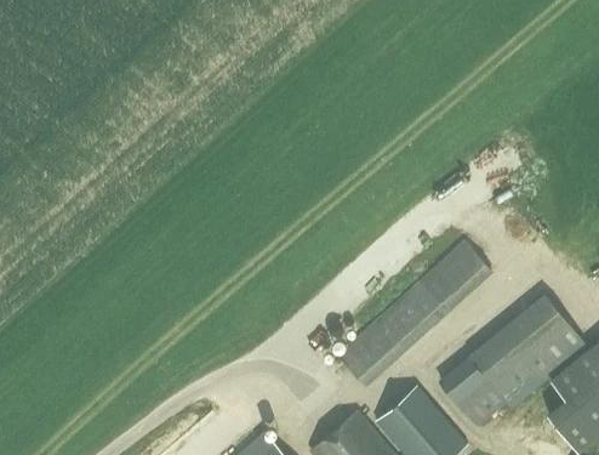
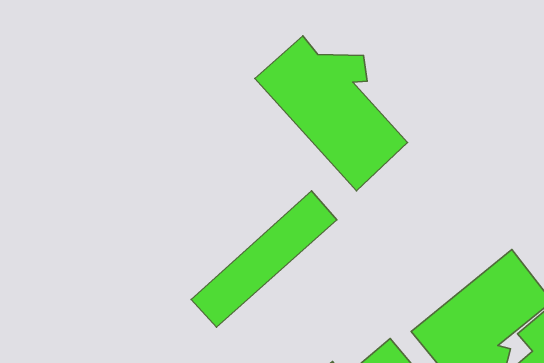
building: none -> [255,36,408,191]
building: [340,241,492,385] -> [191,191,337,327]

